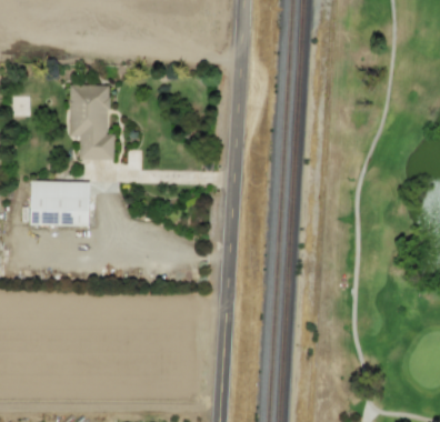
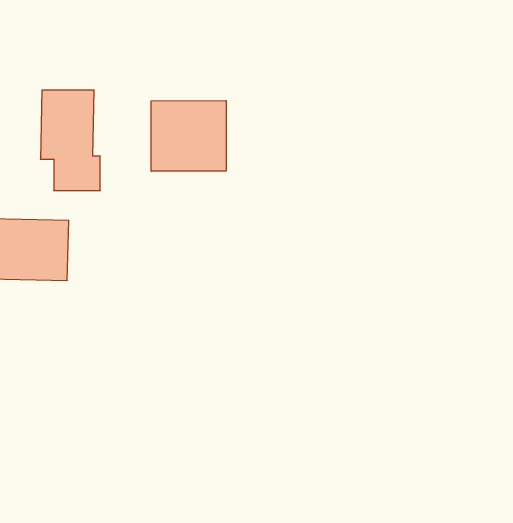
building: none -> [151,101,226,171]

